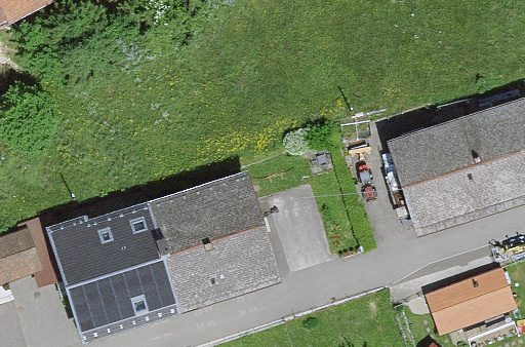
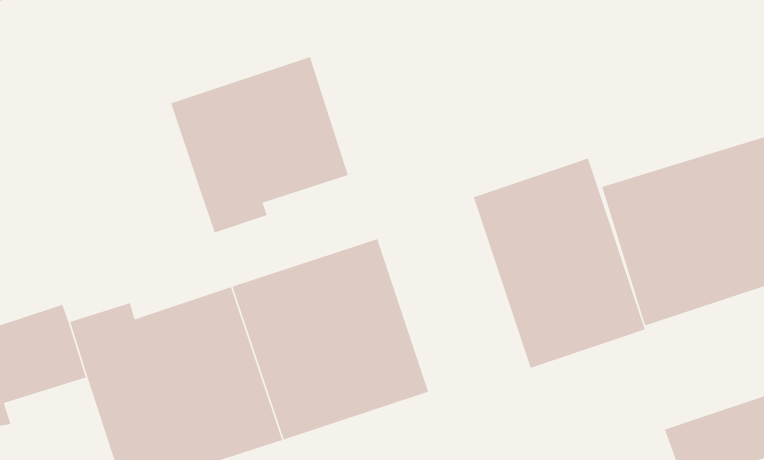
building: none -> [170,56,349,234]
building: none -> [473,158,646,369]

